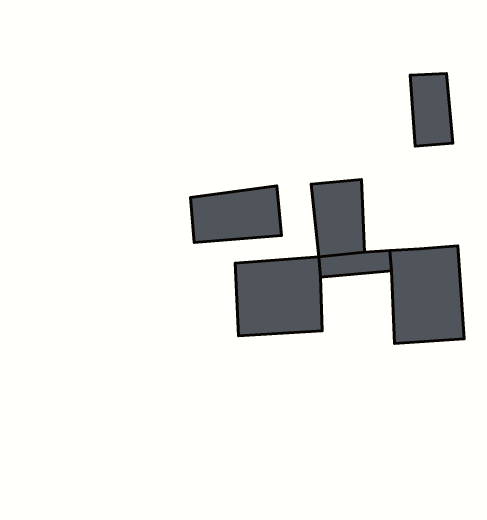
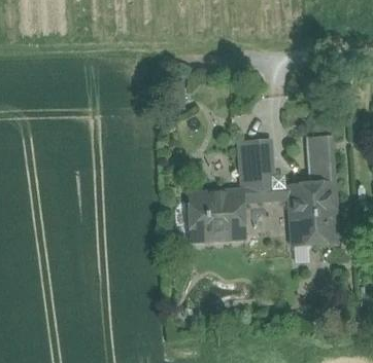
building: [410,74,453,146] -> [306,138,334,185]
building: [191,186,281,243] -> none

